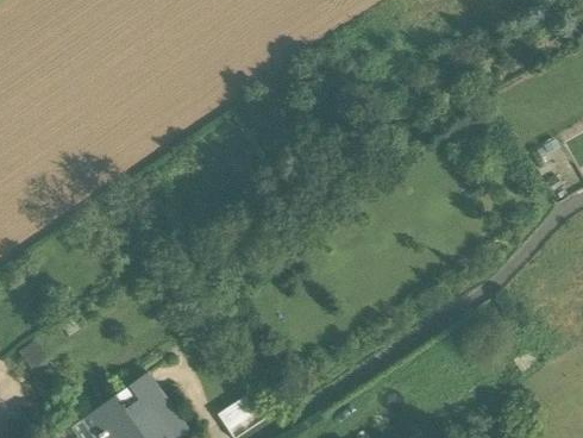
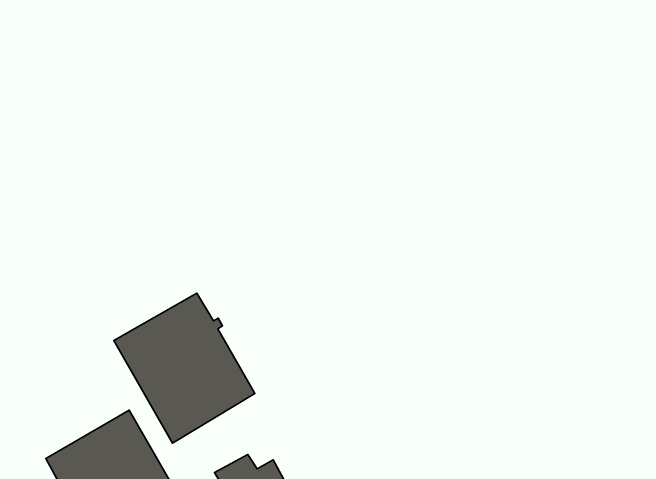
building: none -> [114,293,255,443]

